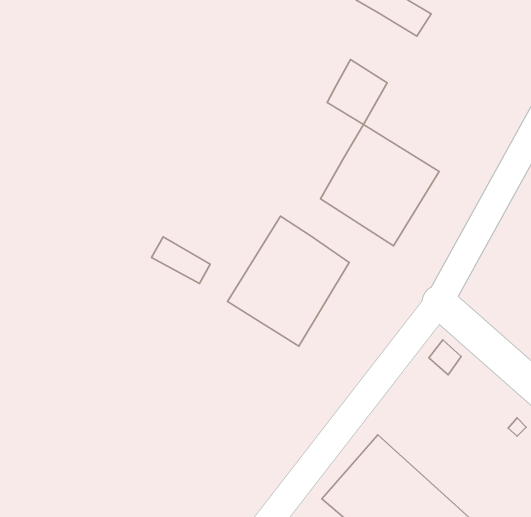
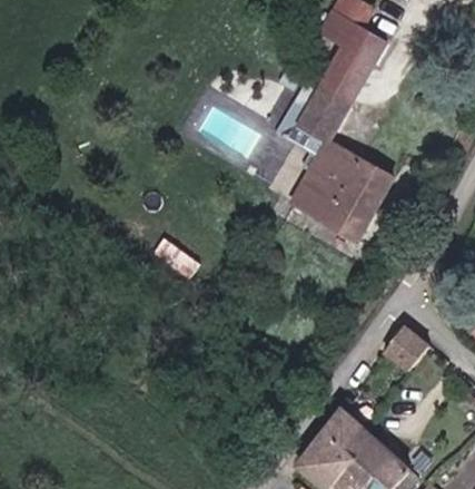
building: none -> [319,46,376,106]
building: none -> [275,100,330,169]
building: [228,216,349,346] -> none

